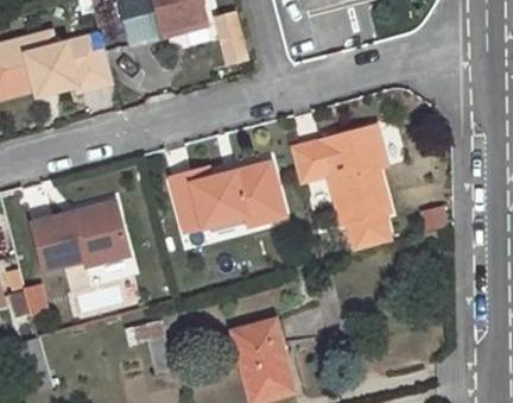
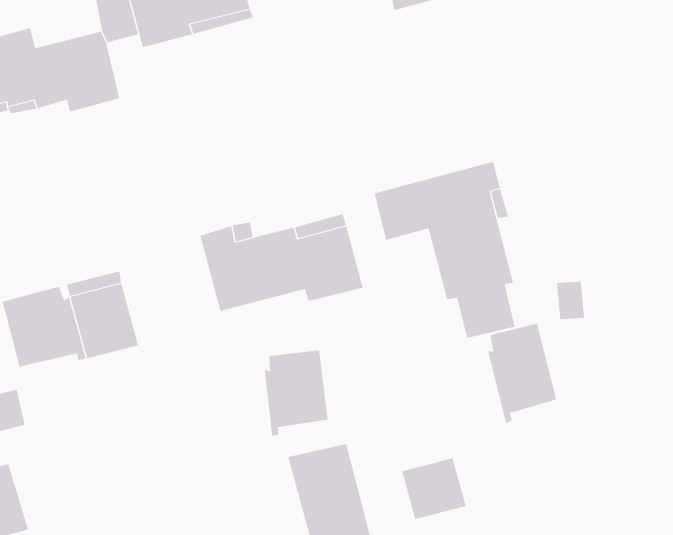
building: none -> [488,323,557,424]
building: none -> [264,350,328,436]
building: none -> [401,457,466,520]

